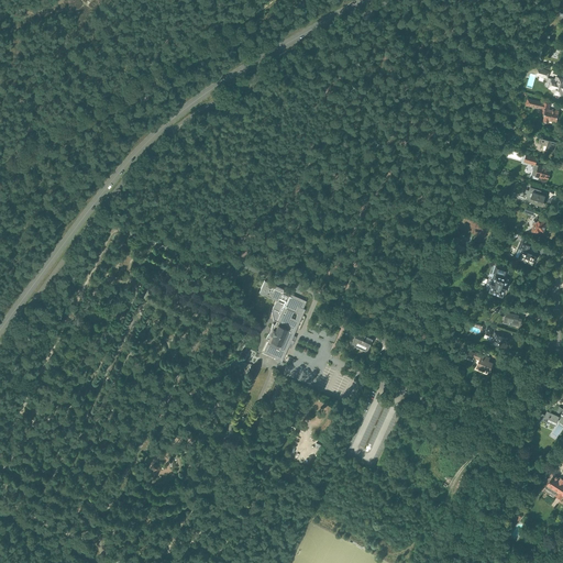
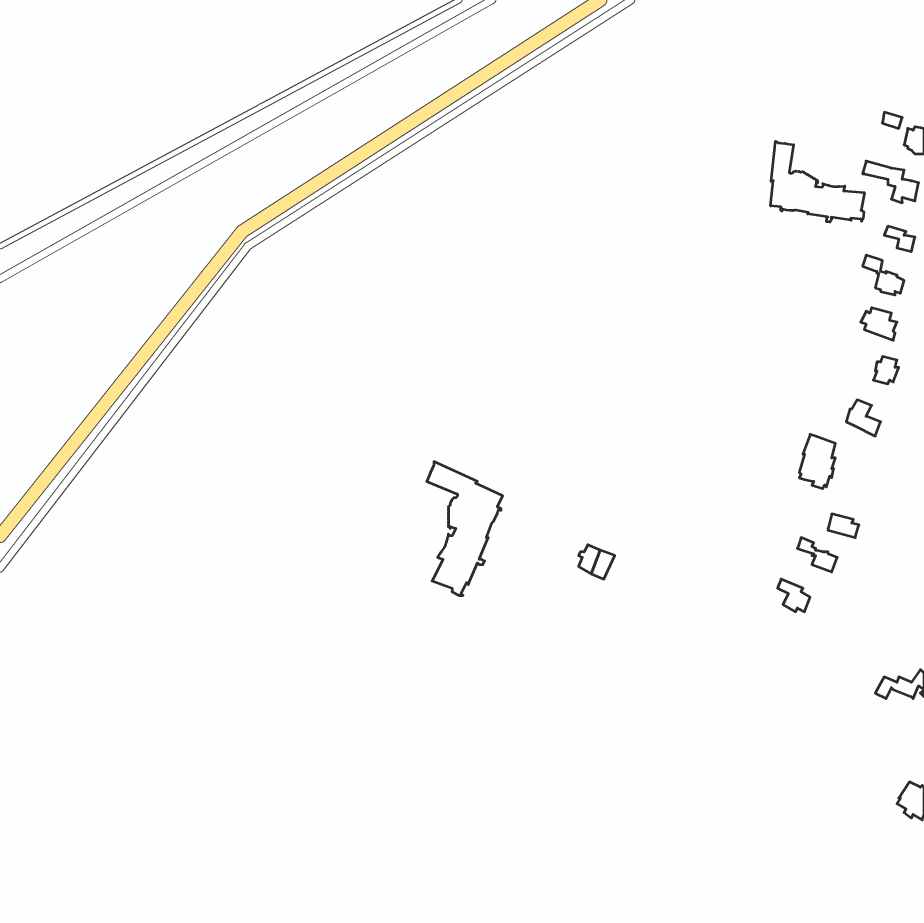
building: none -> [771,141,864,222]

